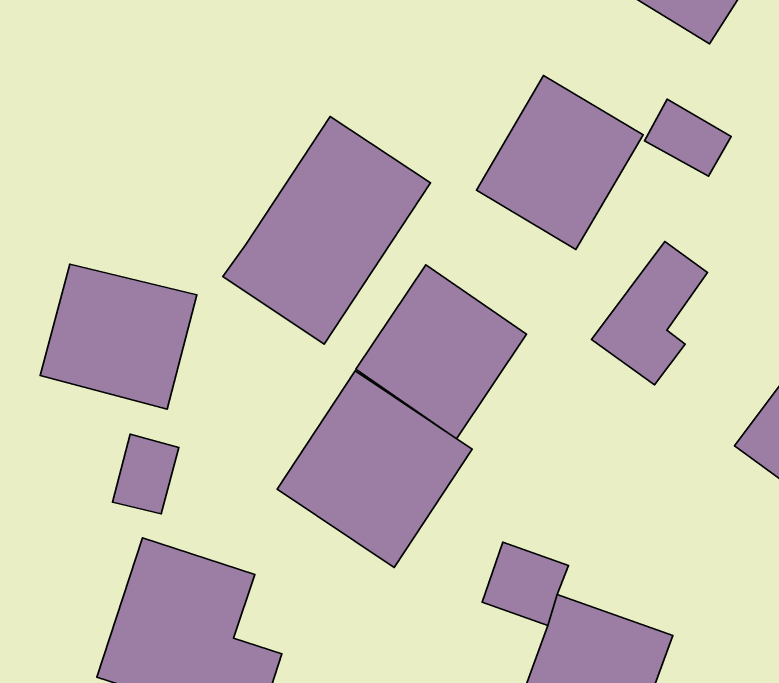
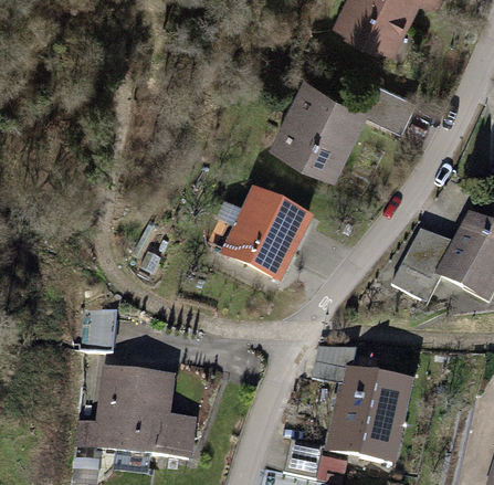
building: [223,116,430,344] -> none
building: [592,242,707,385] -> [382,226,442,306]
building: [40,264,197,409] -> none
building: [277,371,472,568] -> none

